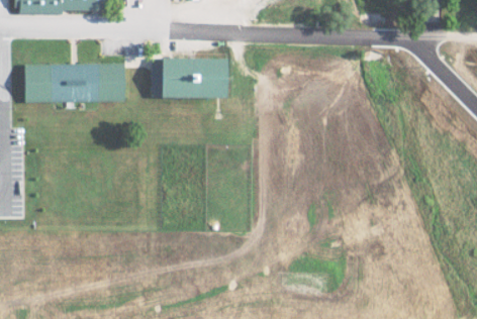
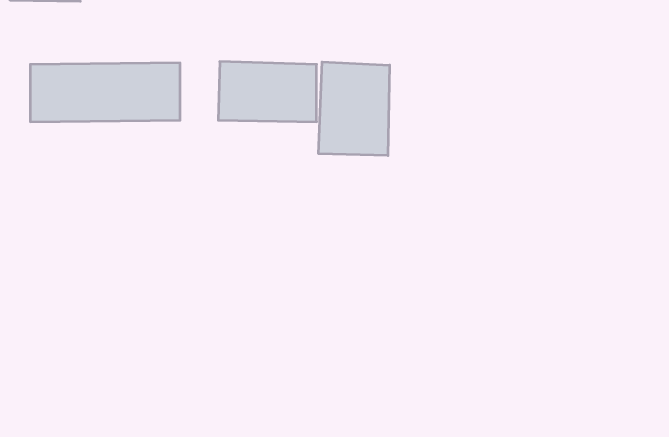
building: none -> [319,62,390,156]

